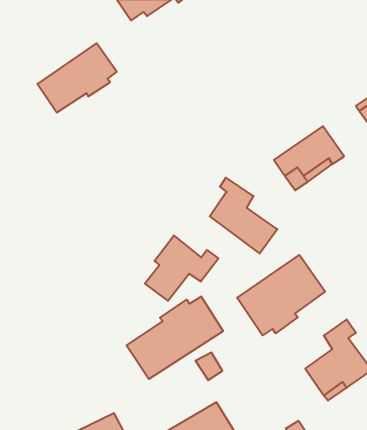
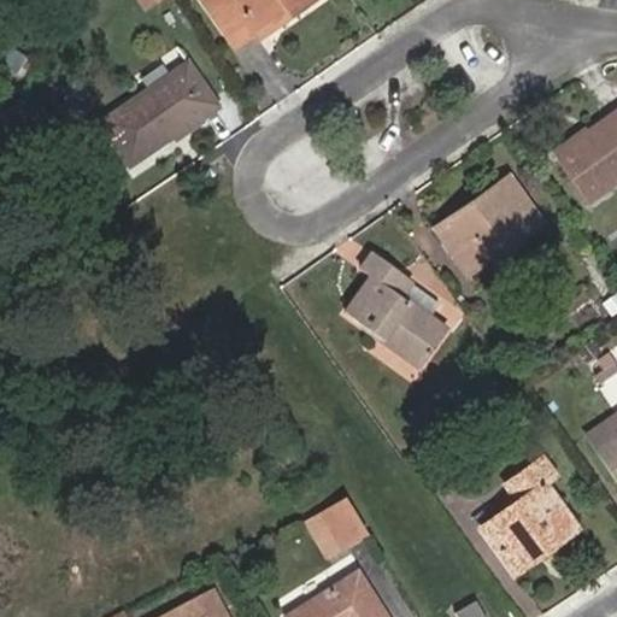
building: [145,235,218,301] -> none
building: [237,255,325,335] -> none
building: [127,296,223,379] -> none

